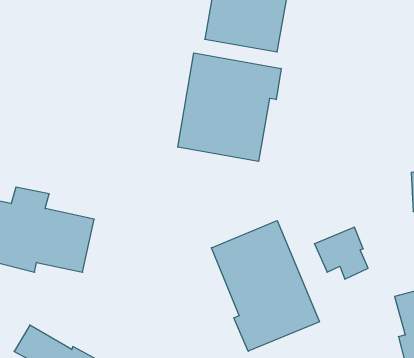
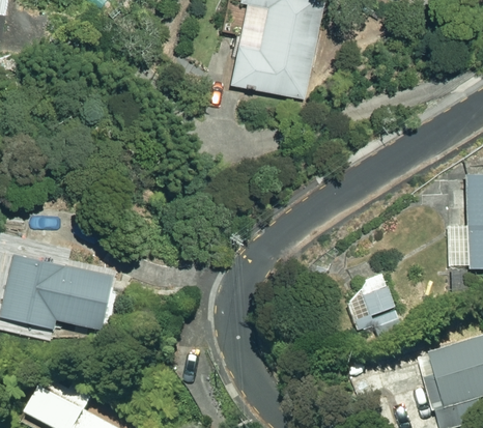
building: [178,53,281,161] -> none
building: [211,221,319,351] -> none

